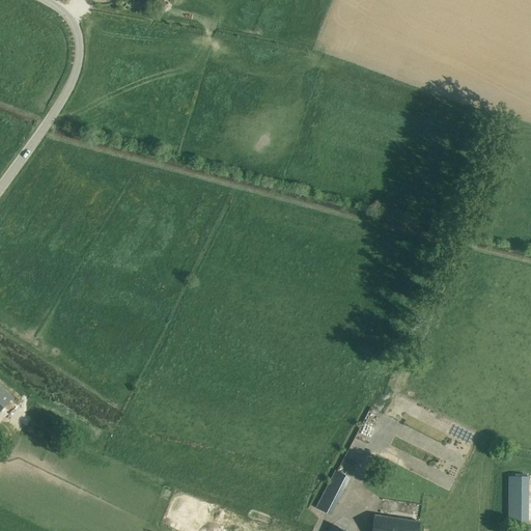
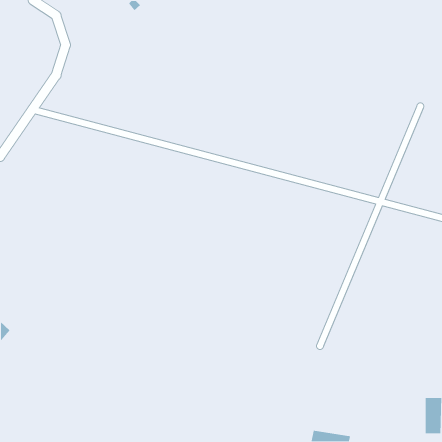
building: [315,470,351,514] -> none

